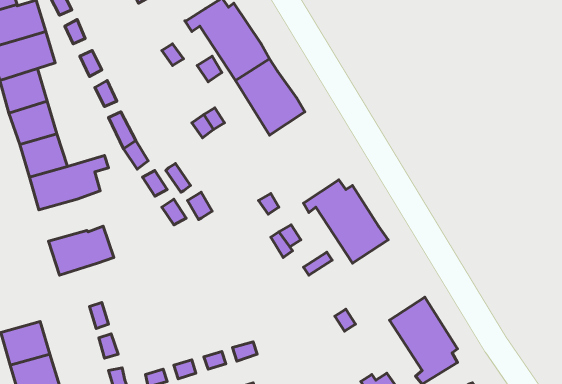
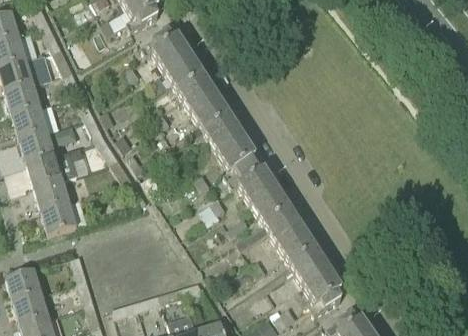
building: none -> [204,113,256,180]
building: none -> [35,177,70,208]
building: none -> [265,207,318,266]

